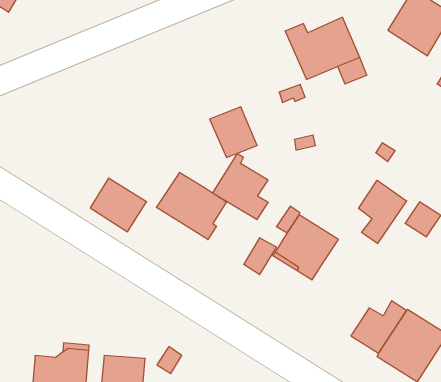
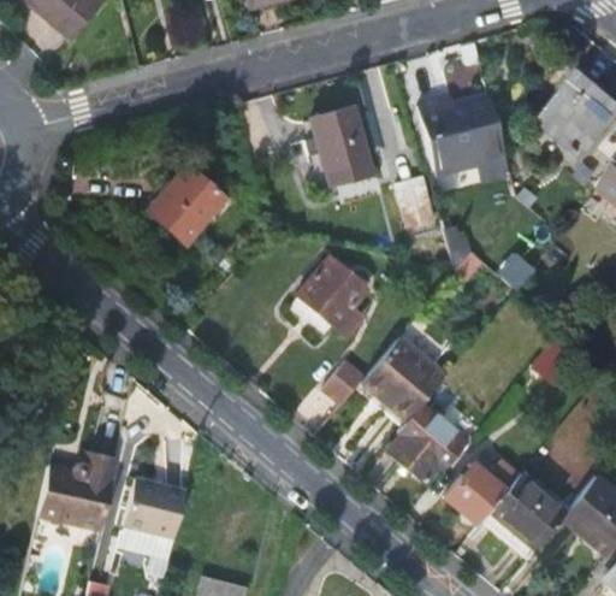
building: [210,107,257,158] -> [310,111,365,171]
building: [157,172,227,240] -> none
building: [90,178,147,232] -> [153,166,224,236]
building: [359,180,407,244] -> none
building: none -> [389,403,467,483]

